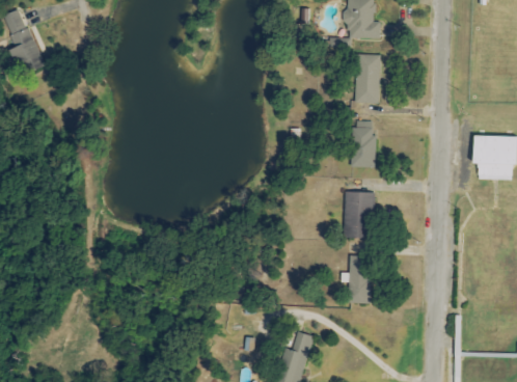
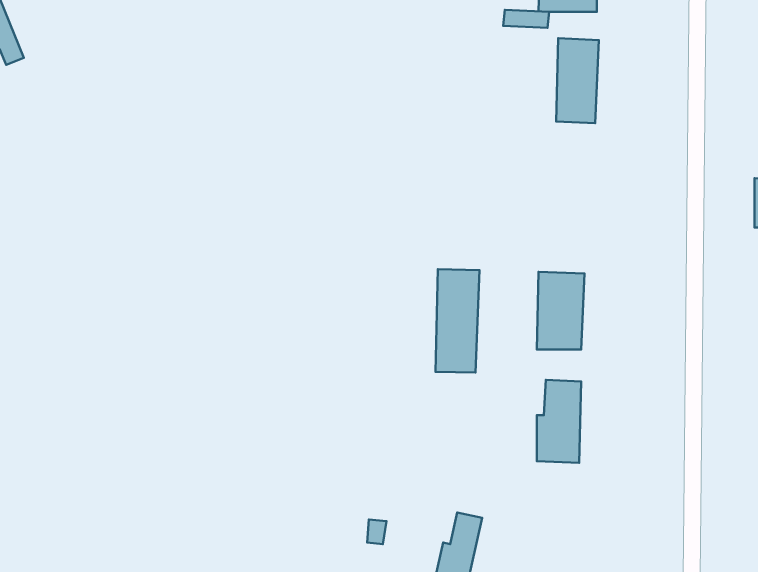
building: [353,120,376,166] -> none
building: none -> [436,269,480,373]

